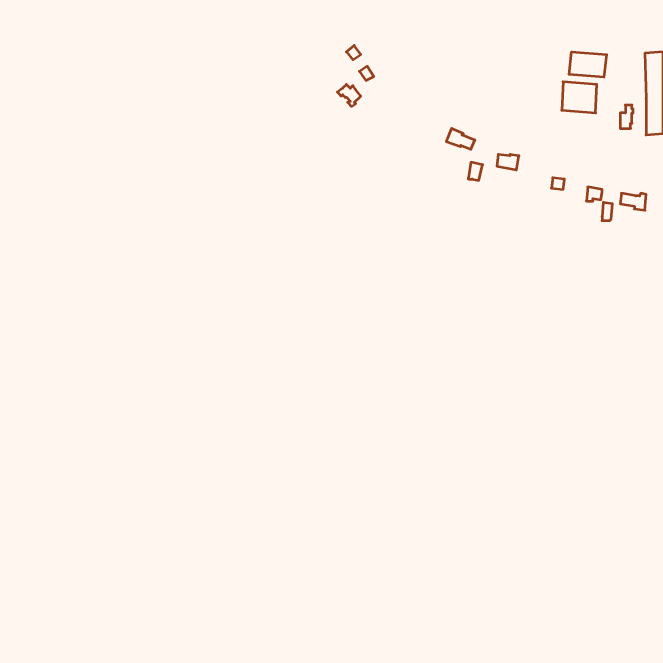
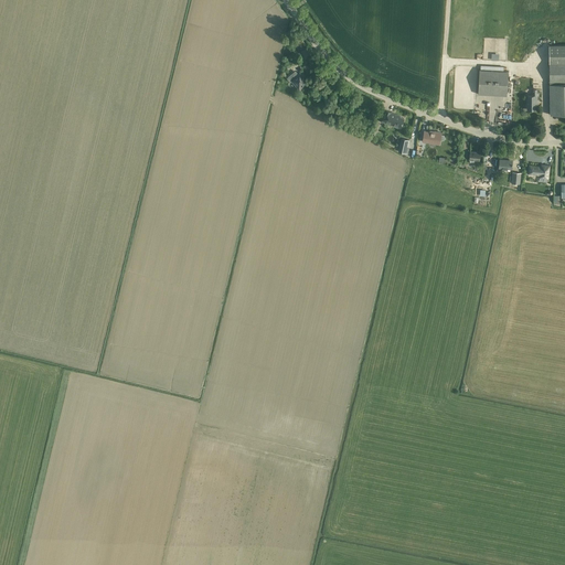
building: [569,52,607,77] -> none

